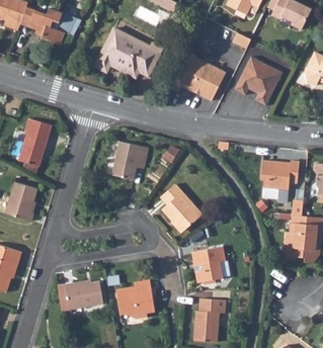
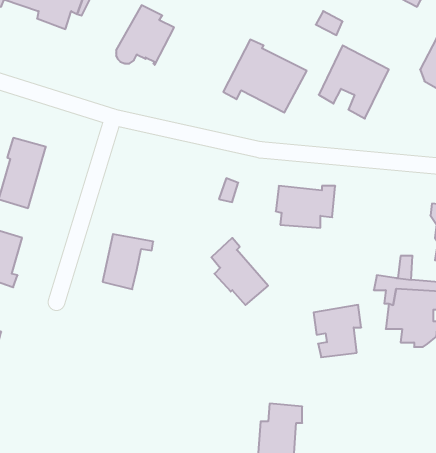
building: [124,40,163,76] -> none
building: [113,144,148,181] -> [103,234,153,289]
building: [255,158,296,186] -> [276,186,335,228]
building: [192,247,225,282] -> [314,305,361,357]
building: [117,280,155,320] -> none
building: [60,283,104,312] -> none

